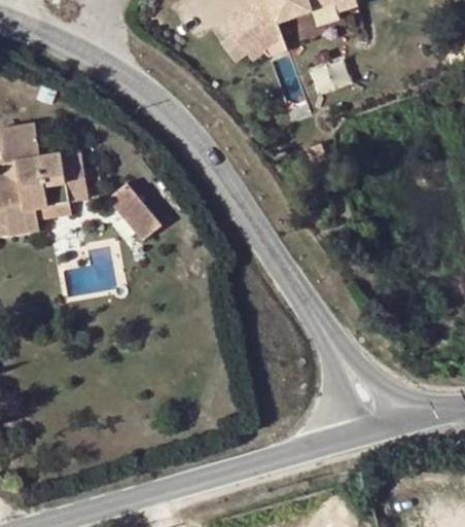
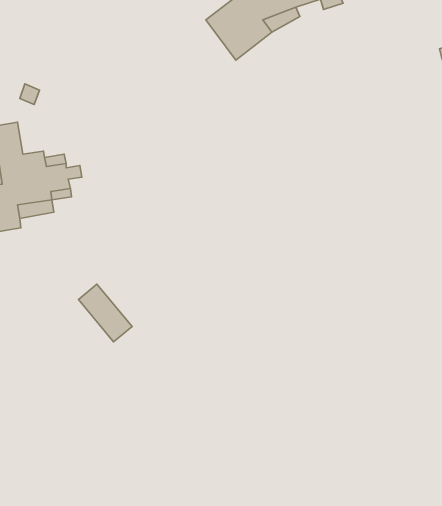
building: [108,181,162,239] -> [78,284,132,342]

